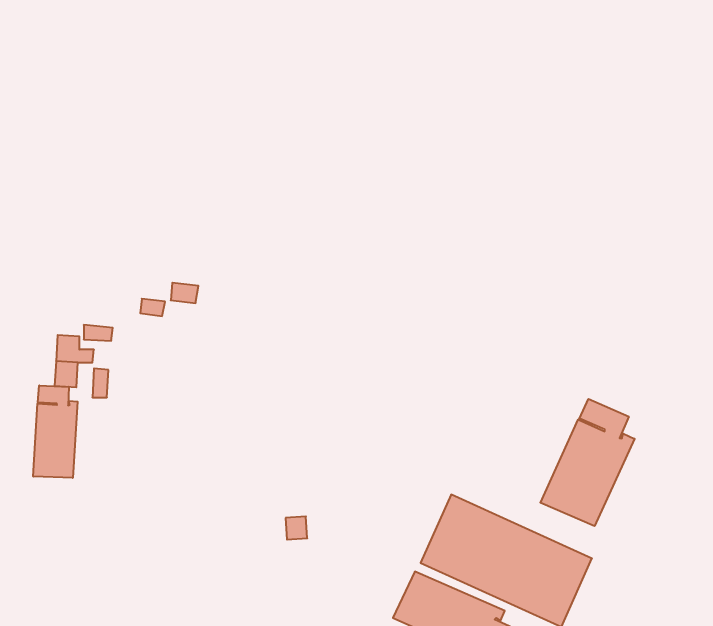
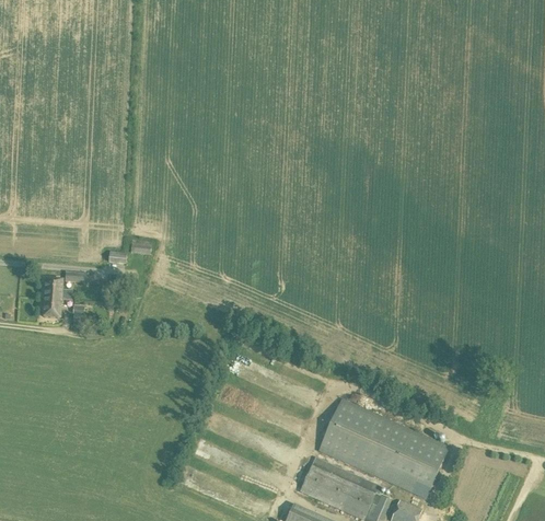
building: [33,385,78,478] -> none
building: [540,399,635,526] -> none

